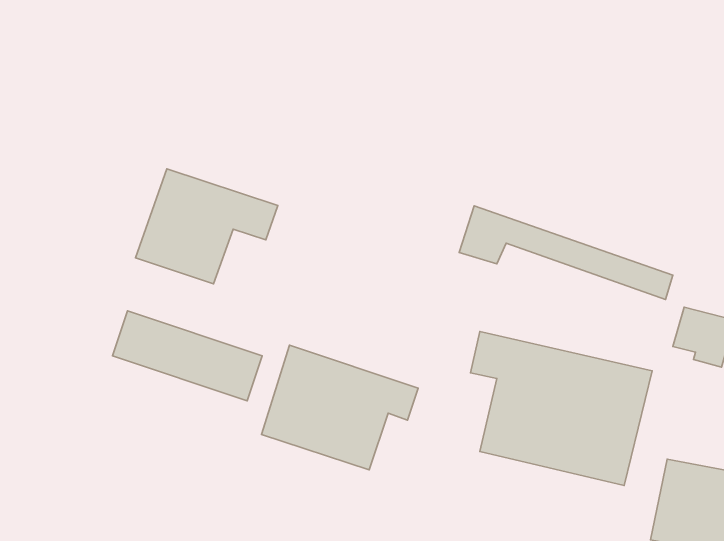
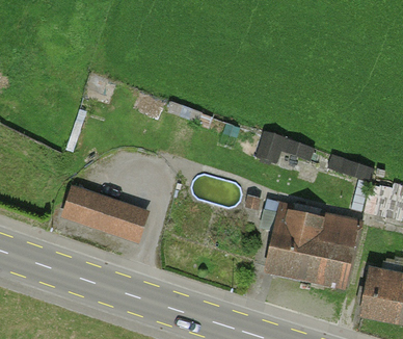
building: [135,169,278,284] -> none
building: [261,345,418,470] -> none

